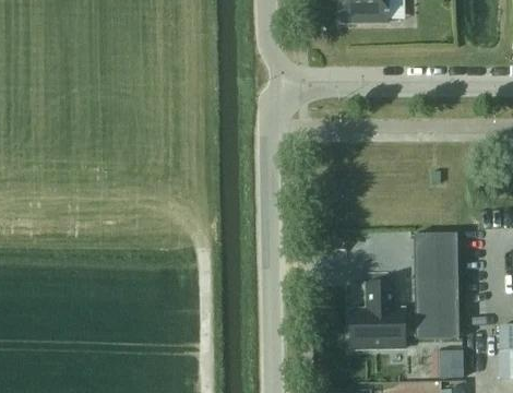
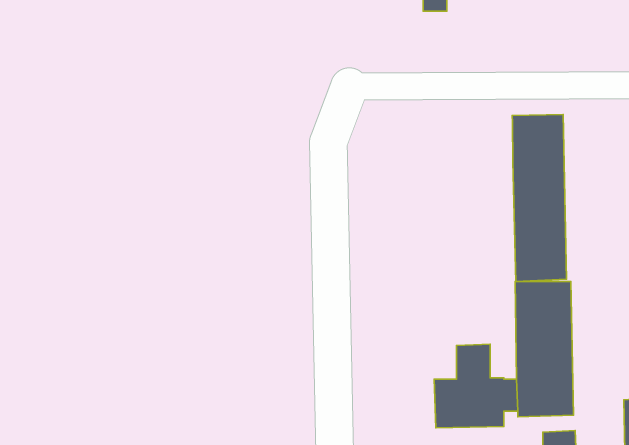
building: none -> [512,115,567,282]

